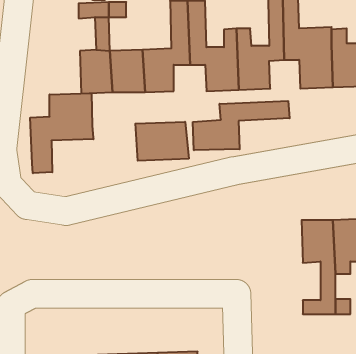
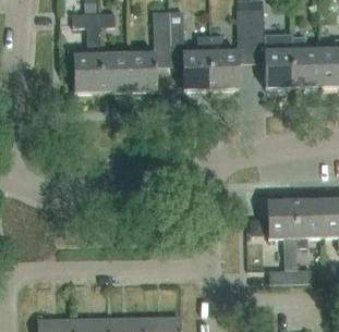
building: [30,93,93,173] -> none
building: [193,101,290,150] -> none
building: [135,122,189,161] -> none

